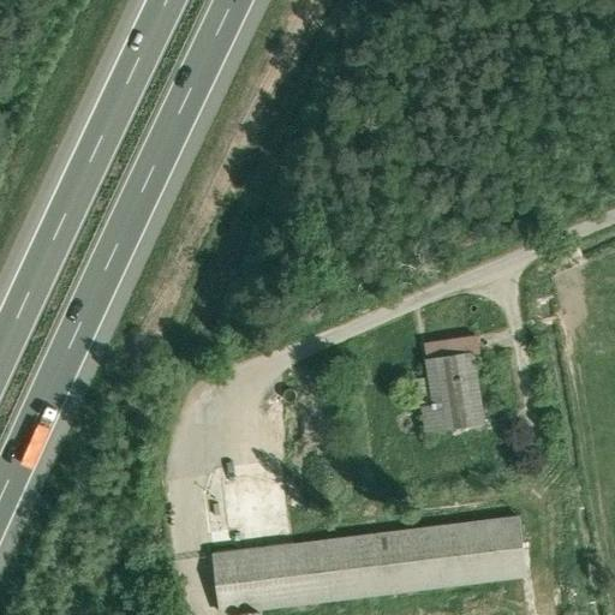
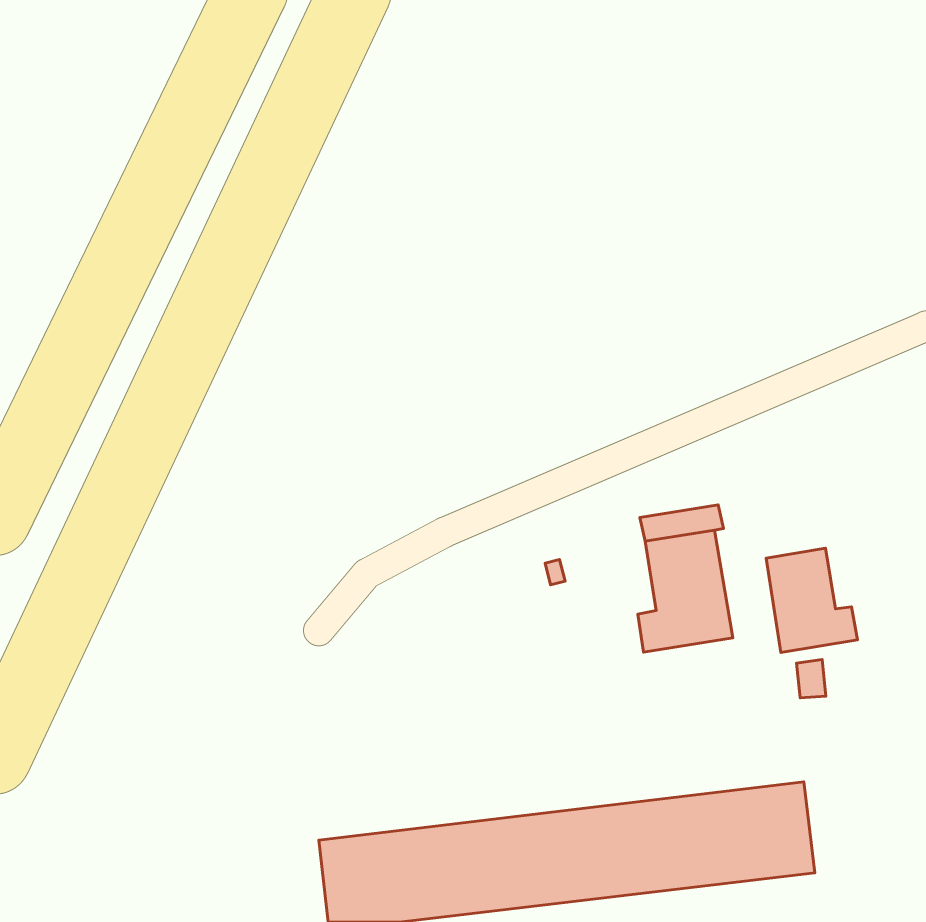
building: none -> [766,548,858,652]

